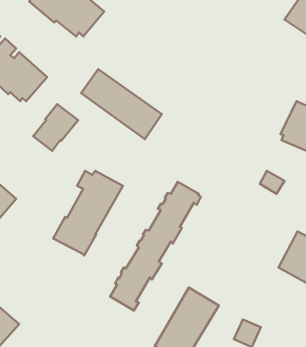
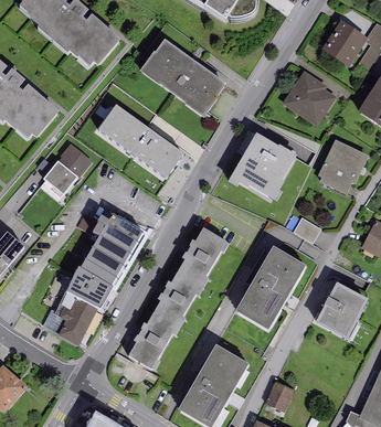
building: none -> [139,39,227,116]
building: none -> [283,68,337,125]
building: none -> [227,132,297,202]
building: none -> [235,246,306,330]
building: none -> [43,290,97,344]

